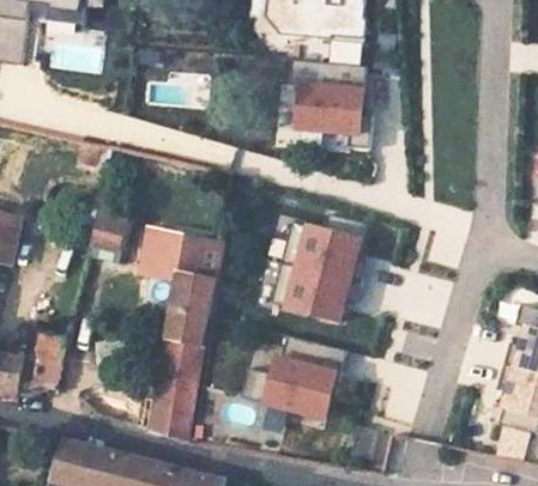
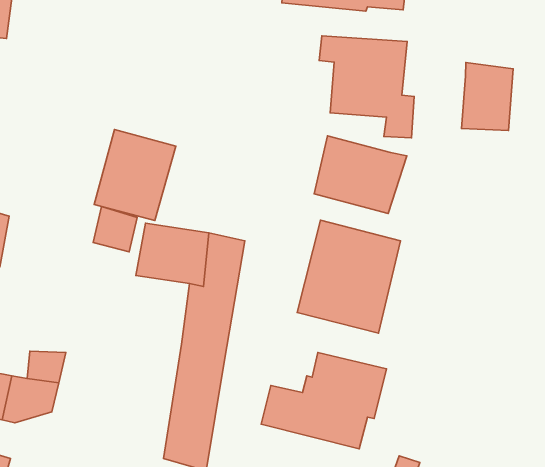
building: none -> [462,63,513,131]
building: none -> [94,130,176,221]
building: none -> [314,136,407,213]

